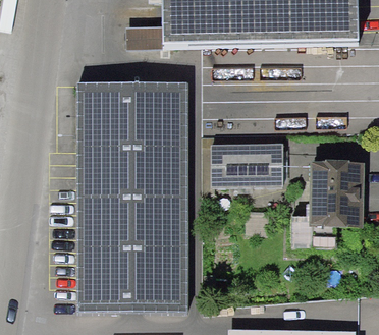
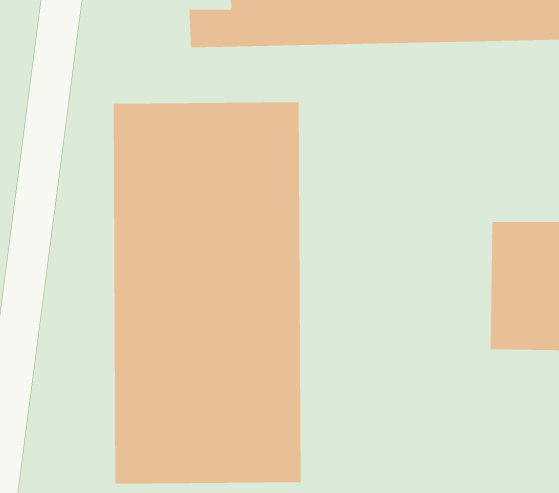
building: [213,144,286,189] -> none

